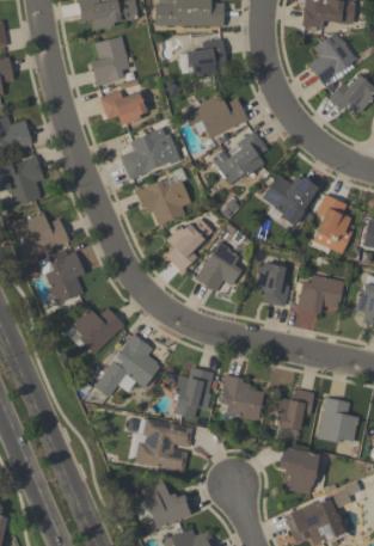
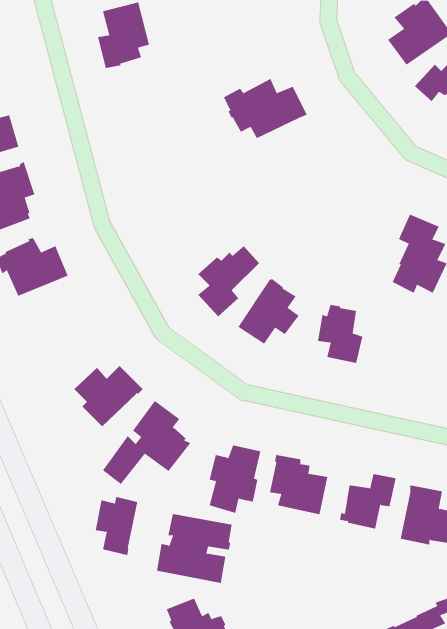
building: [186,39,227,78] -> none
building: [100,91,147,125] -> none
building: [121,128,182,180] -> none
building: [211,131,269,184] -> none
building: [263,174,319,227] -> none
building: [135,180,191,226] -> none
building: [37,251,85,305] -> none
building: [296,275,344,314] -> none
building: none -> [95,496,138,556]
building: [278,447,320,495] -> none

